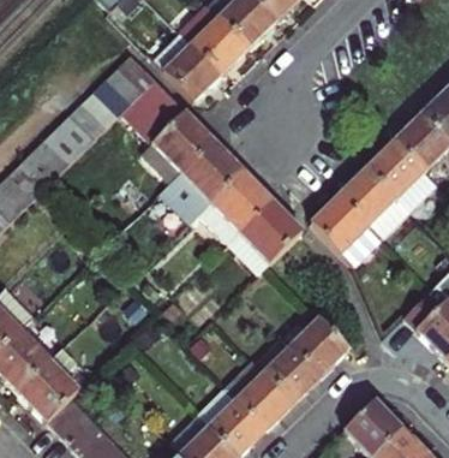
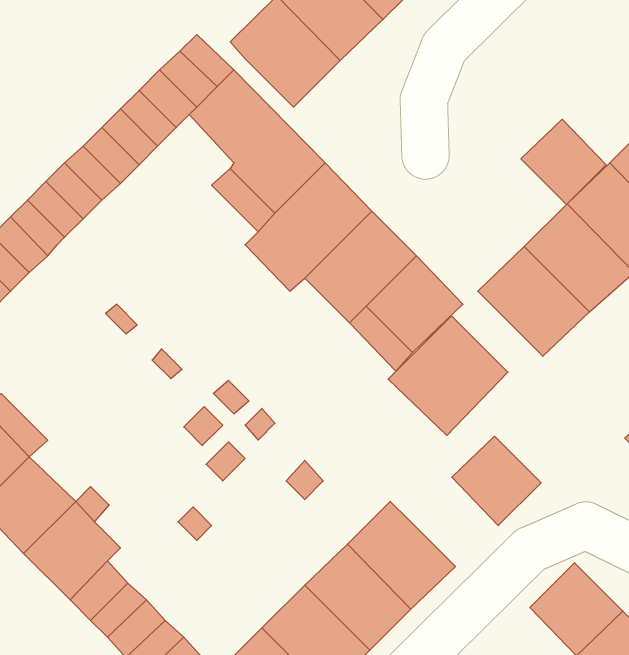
building: none -> [521,119,606,204]
building: none -> [388,316,508,435]
building: [267,341,324,399] -> none

